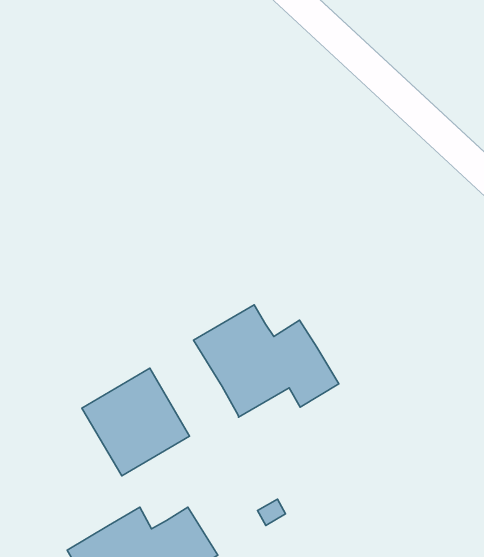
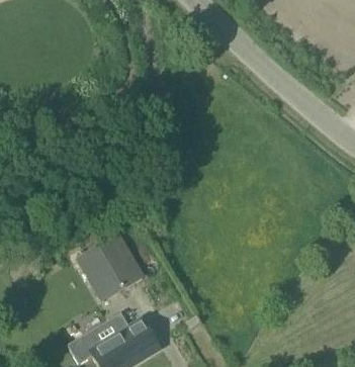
building: [194,305,339,417] -> none

